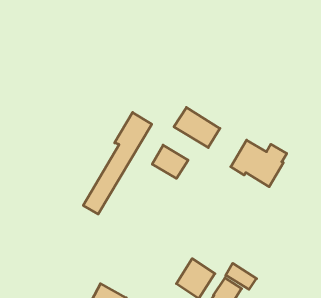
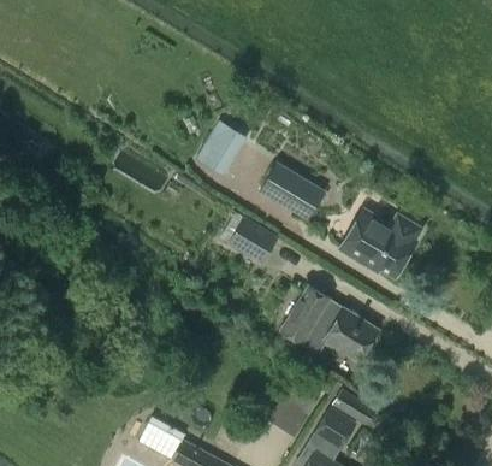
building: none -> [197,118,249,173]
building: [83,112,152,214] -> none
building: none -> [280,285,377,361]

